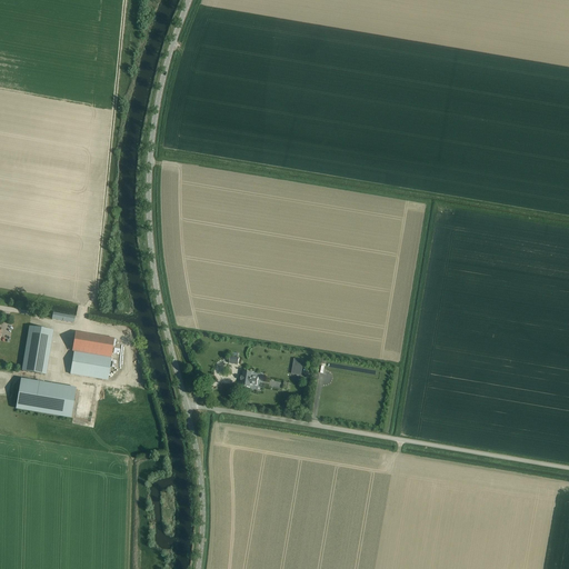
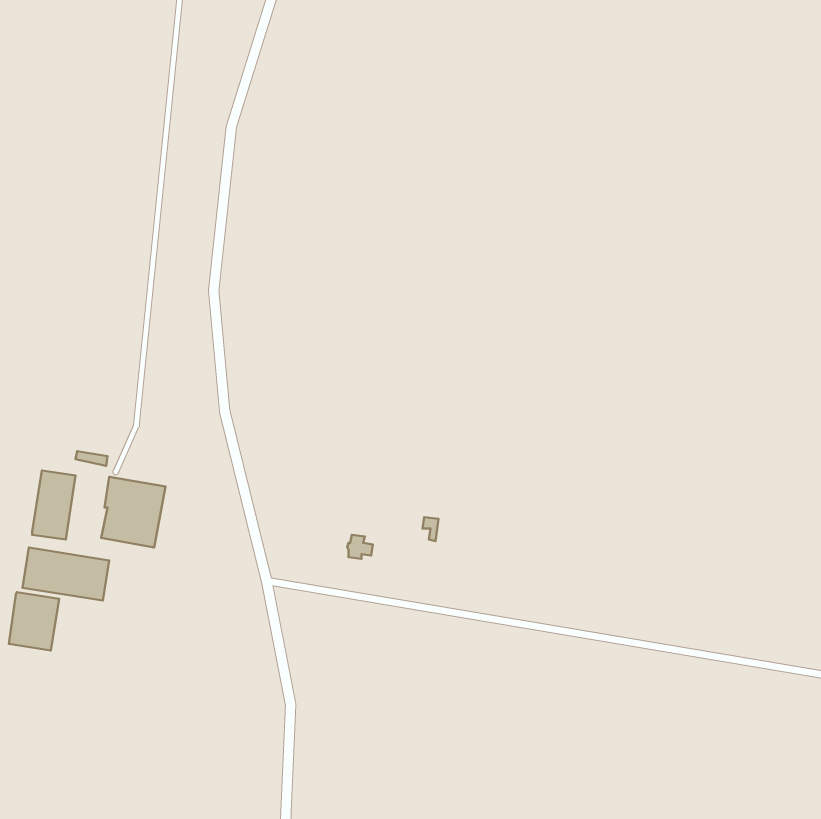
building: none -> [9,592,59,651]

